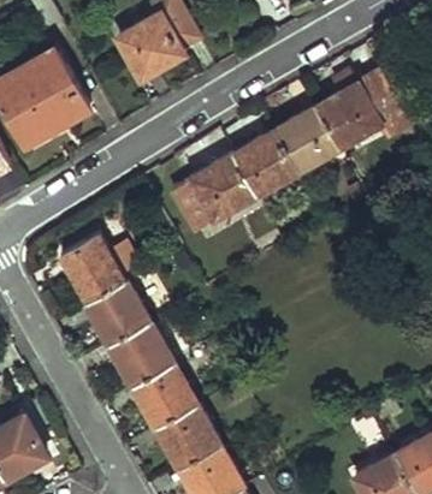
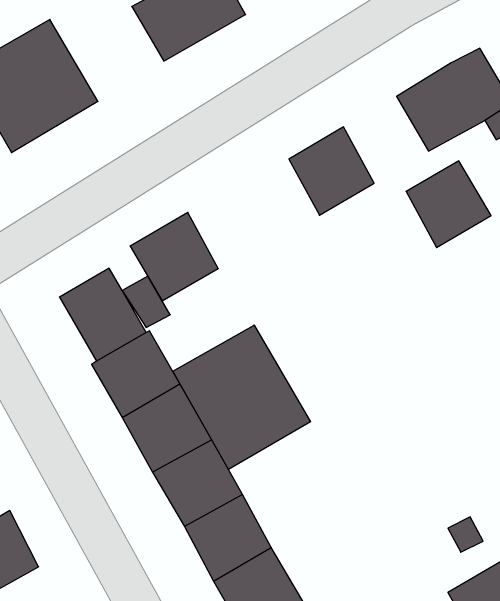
building: [274,106,338,171] -> [406,161,491,248]
building: [190,153,256,219] -> [130,212,218,301]
building: none -> [173,325,311,469]

